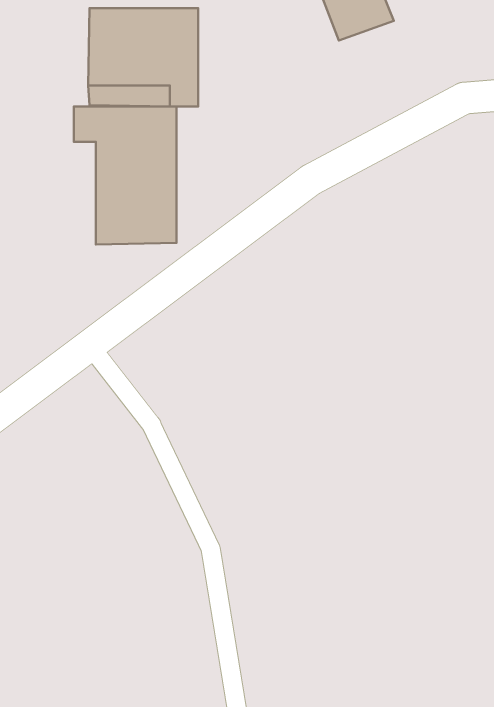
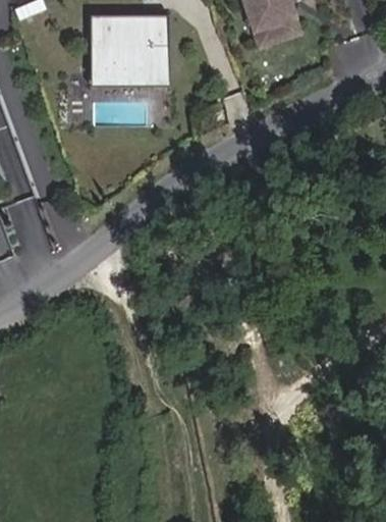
building: [74,107,176,245] -> none

